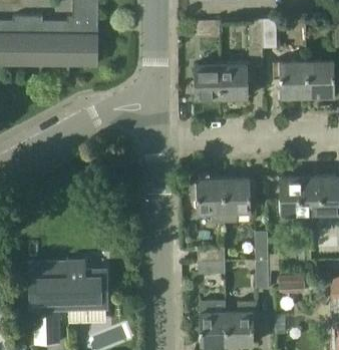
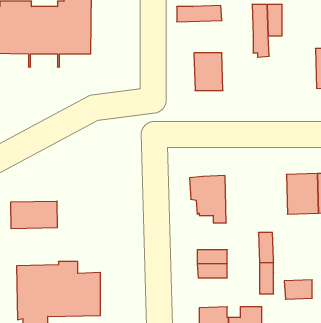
building: [273,60,308,97] -> none
building: [220,64,247,99] -> none
building: [223,179,256,223] -> none
building: none -> [11,201,57,229]

